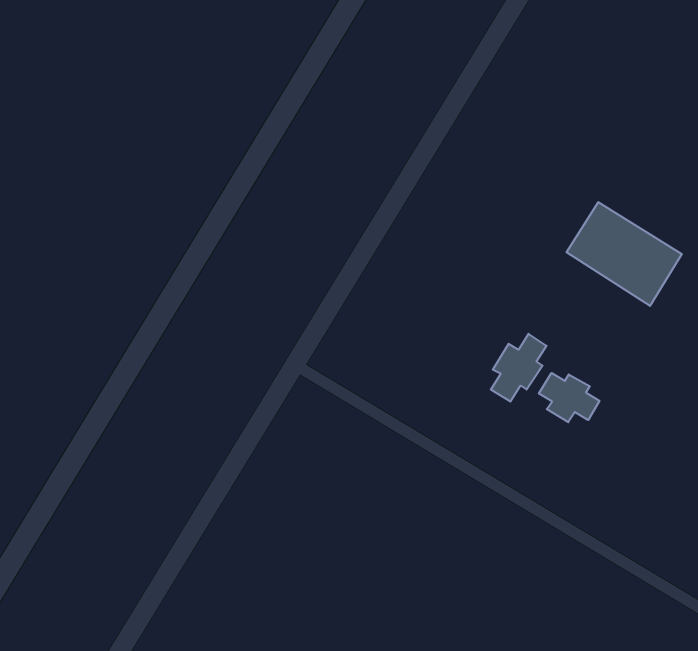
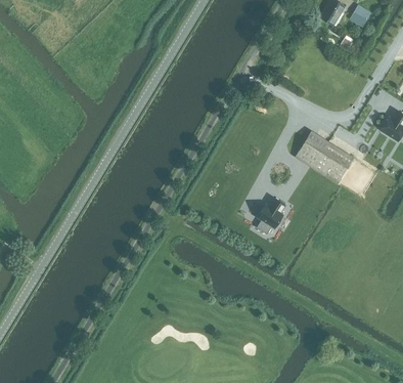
building: [539,373,599,422] -> none

